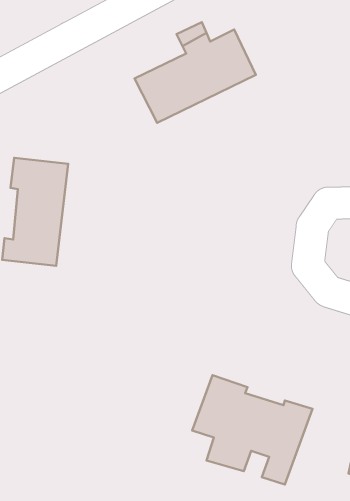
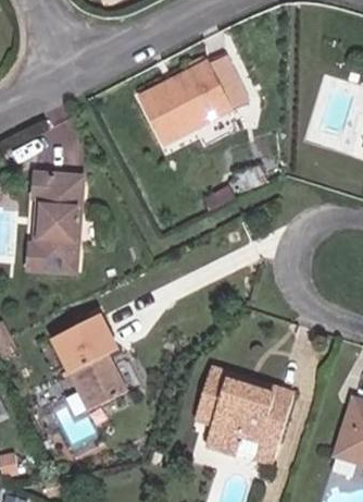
building: none -> [54,316,125,412]

